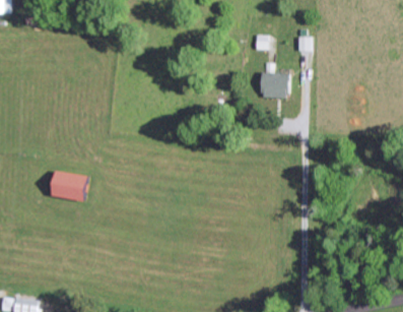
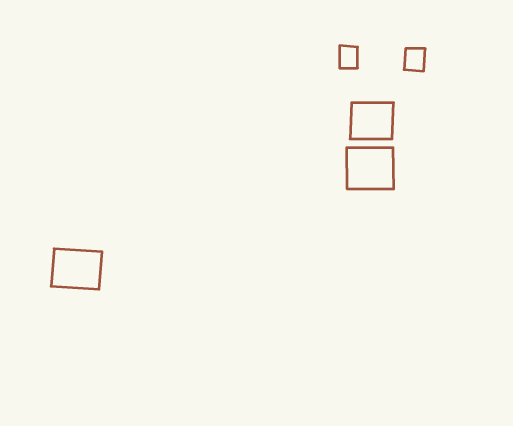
building: none -> [347,148,394,189]

